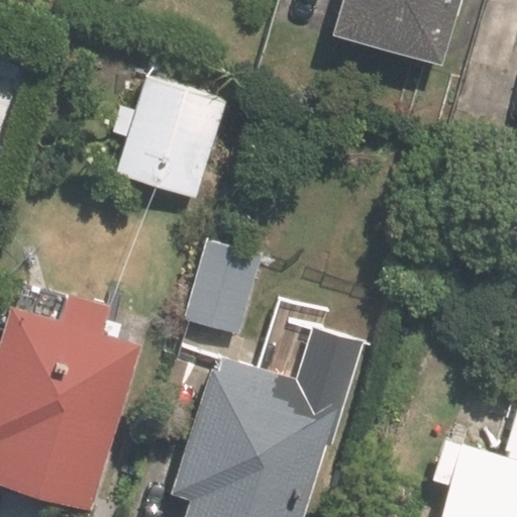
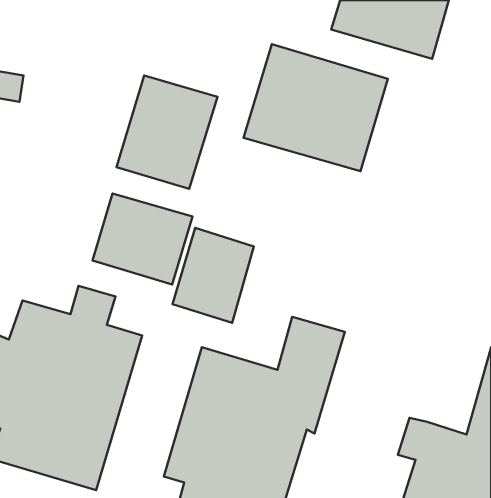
building: none -> [244,44,388,171]
building: none -> [92,194,193,284]

